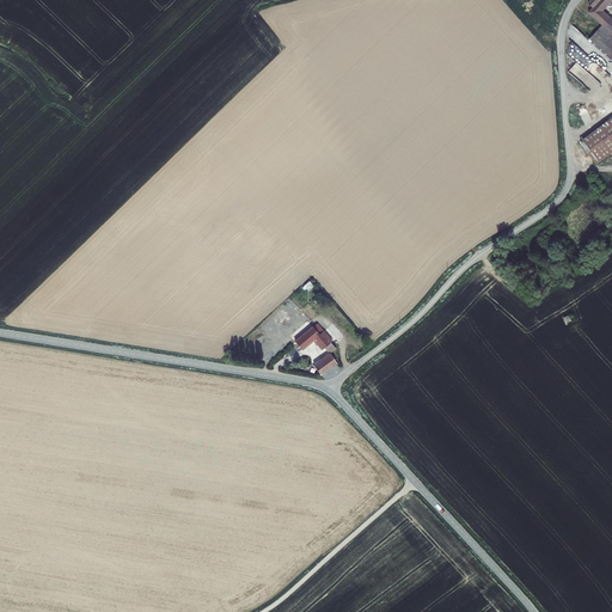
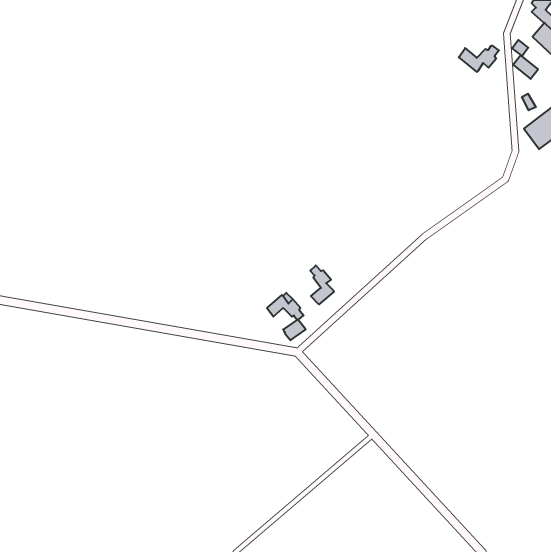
building: none -> [459,46,499,72]
building: none -> [311,265,334,304]

